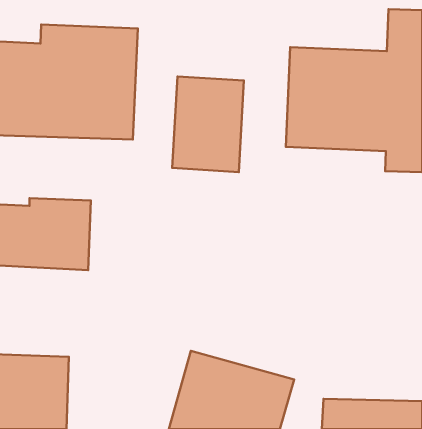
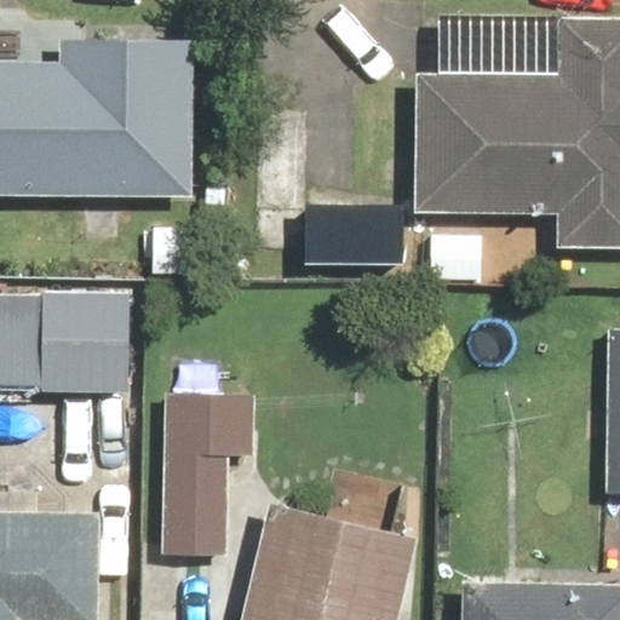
building: none -> [157,364,262,556]

